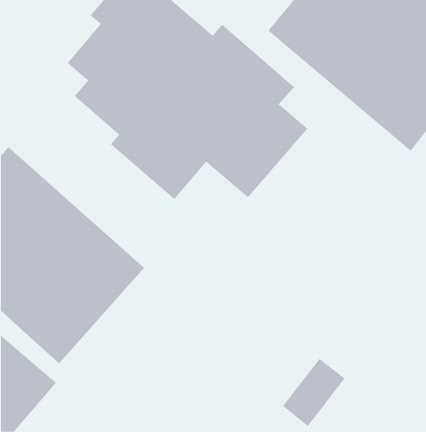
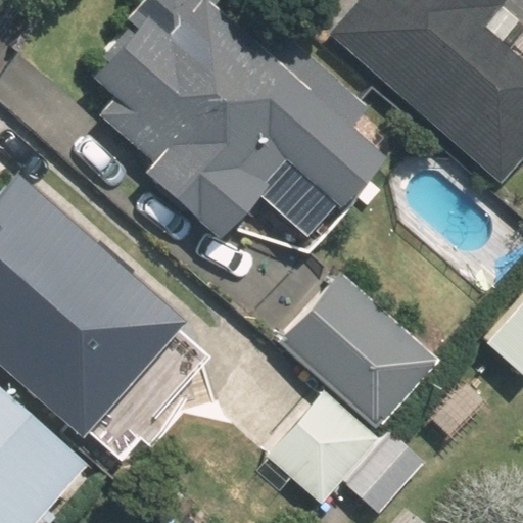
building: none -> [282,273,437,426]
building: none -> [269,395,376,504]

